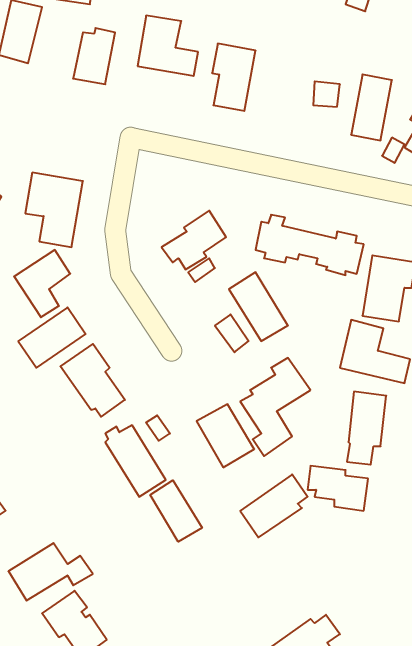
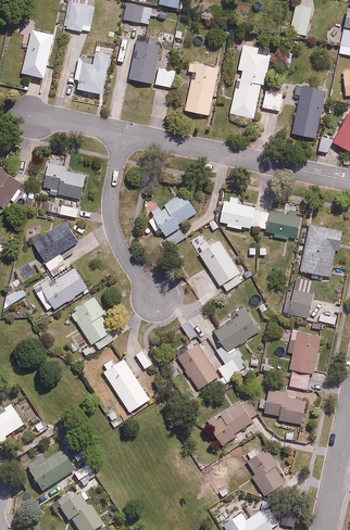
building: none -> [229,43,271,118]
building: [150,480,202,542] -> none
building: none -> [246,449,285,495]

